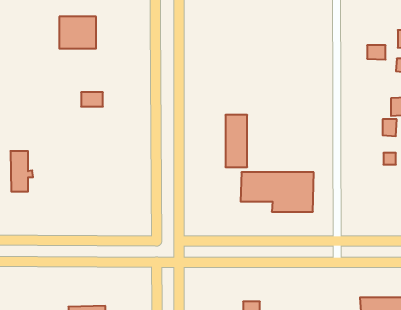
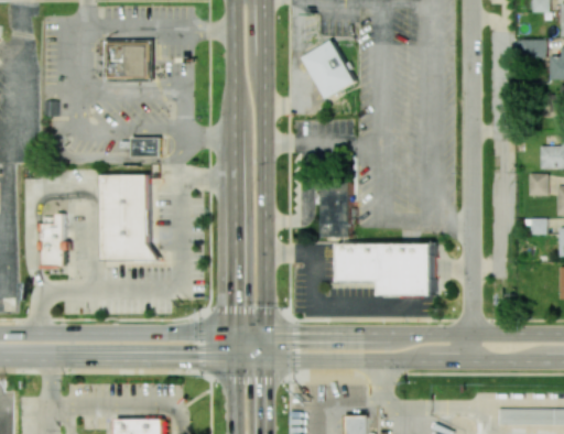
building: none -> [302,41,355,99]
building: [367,45,386,60] -> [520,40,544,58]
building: none -> [102,176,162,263]

